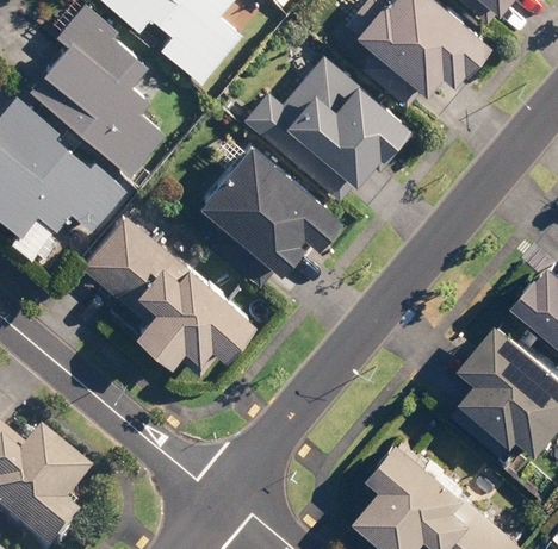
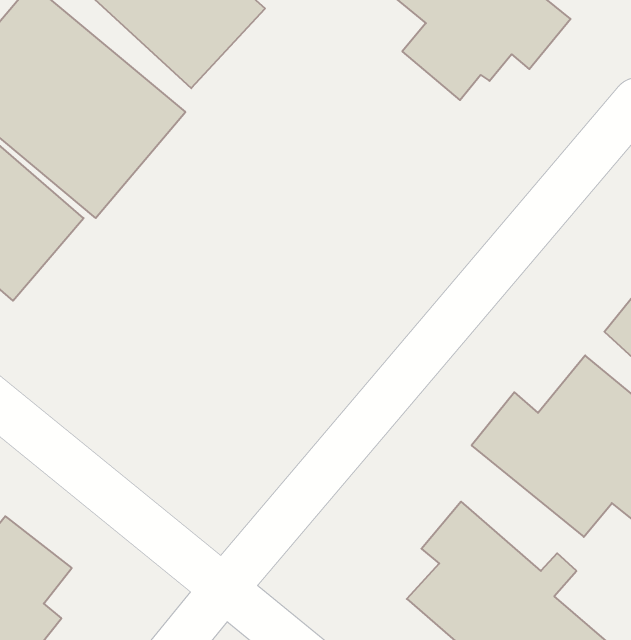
building: [248,57,409,201] -> none
building: [203,139,347,288] -> none
building: [85,217,259,361] -> none

